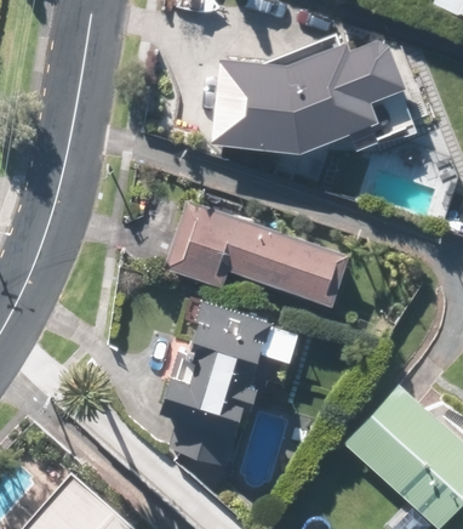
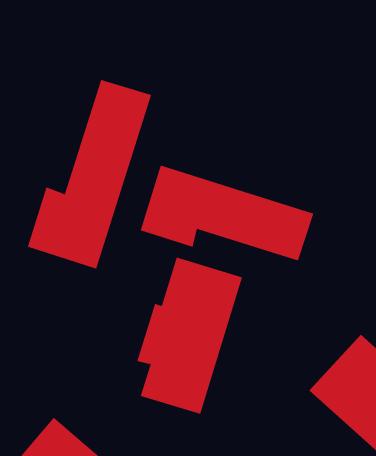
building: [215,40,412,152] -> none
building: none -> [27,79,152,269]

